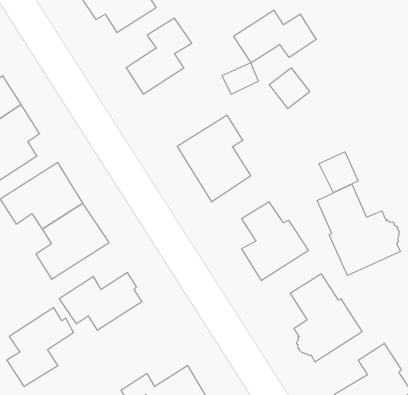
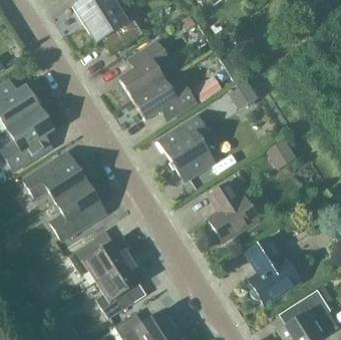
building: [234,10,316,63] -> [132,79,196,119]
building: [317,184,400,276] -> none
building: [7,308,74,386] -> [95,258,146,318]

